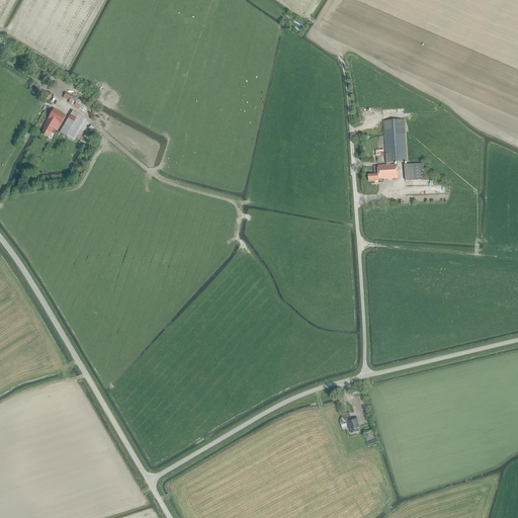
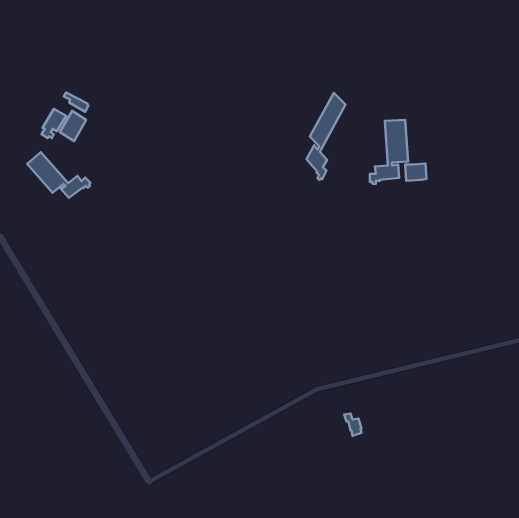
building: none -> [307,93,346,180]
building: none -> [27,152,91,198]

